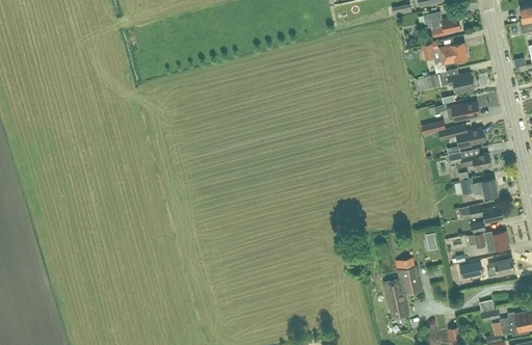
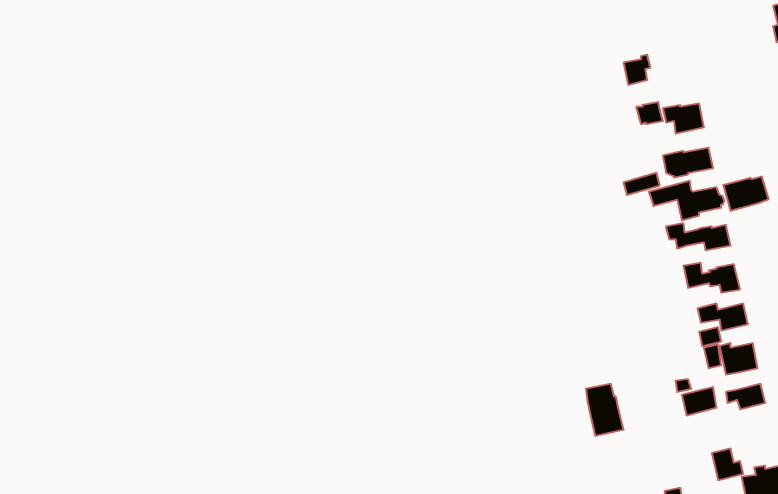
building: [423,12,460,37] -> none
building: [438,43,468,65] -> none
building: none -> [723,176,768,211]
building: [383,280,407,318] -> none

